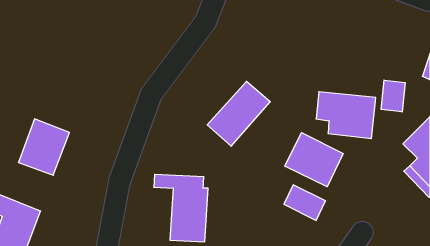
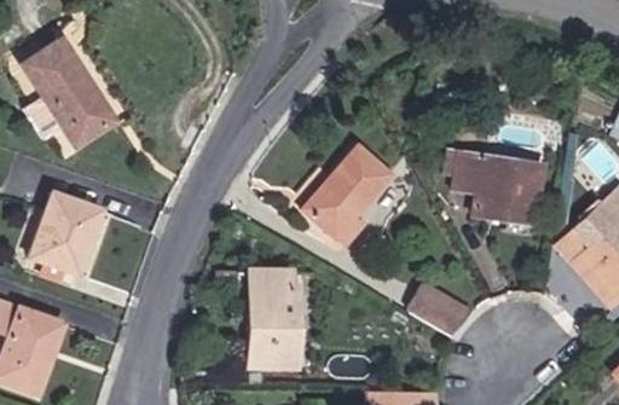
building: none -> [22,36,118,143]
building: [381,80,405,112] -> none
building: [285,133,343,187] -> none

